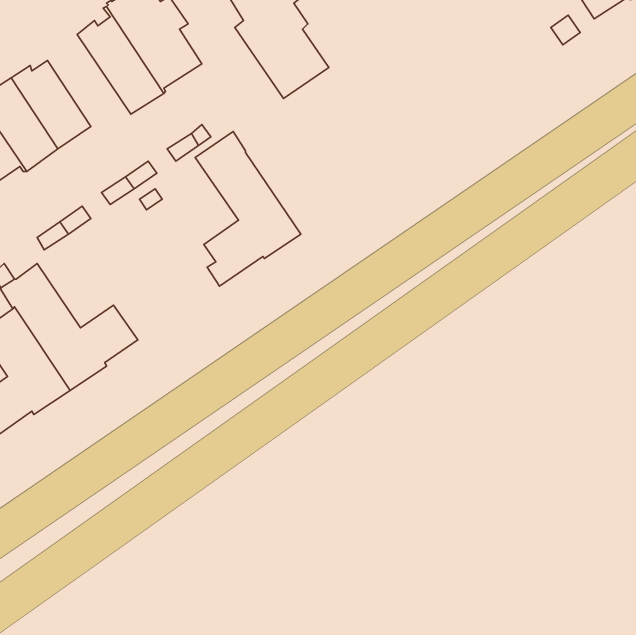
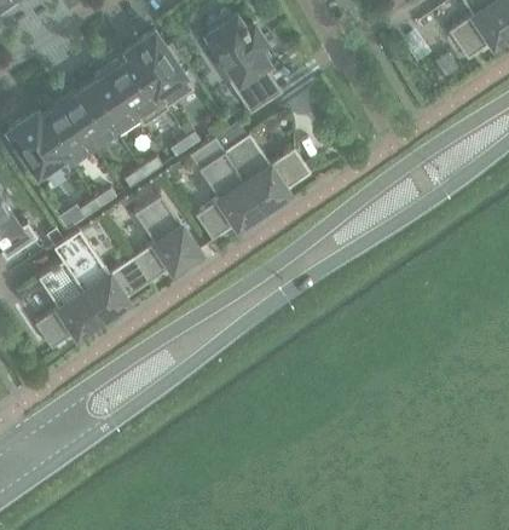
building: none -> [86,69,144,133]
building: none -> [224,134,310,208]
building: none -> [132,194,206,282]

